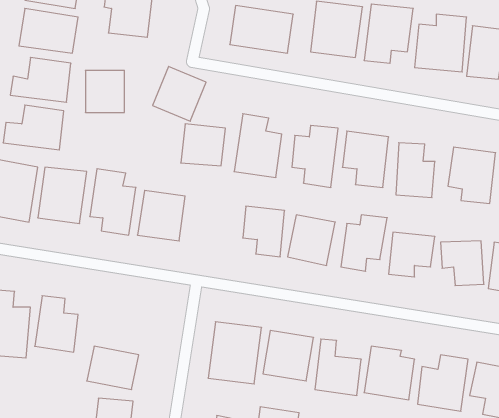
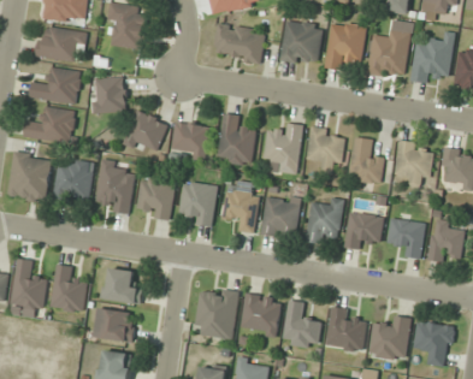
building: [153,66,206,121] -> [123,109,167,155]
building: none -> [179,180,217,226]
building: none -> [100,266,142,306]

